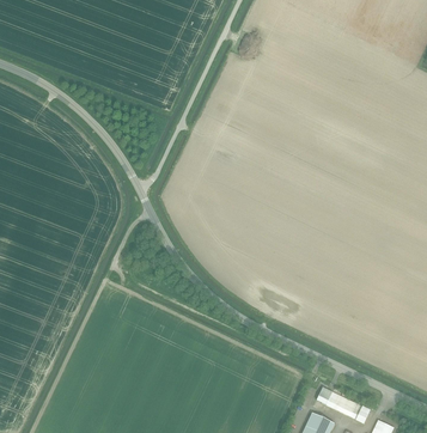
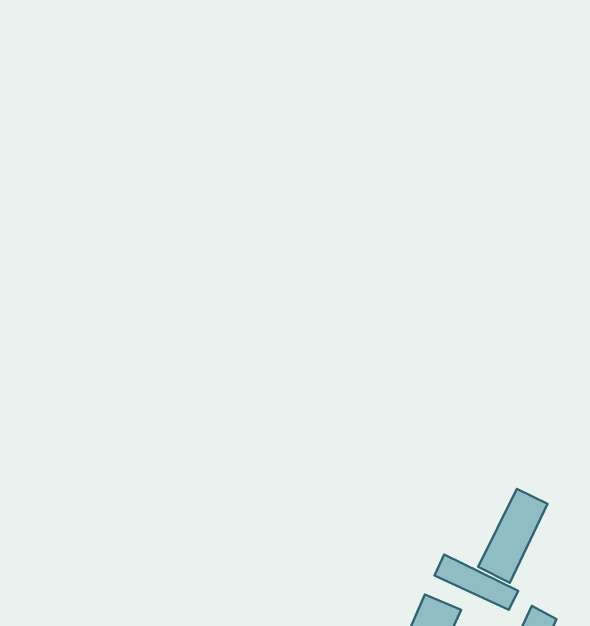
building: none -> [478,489,547,583]

